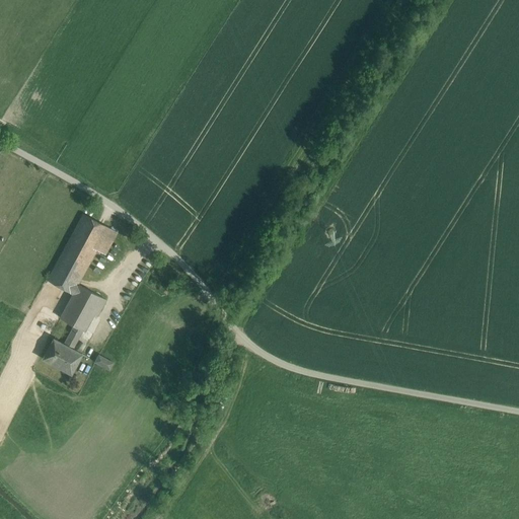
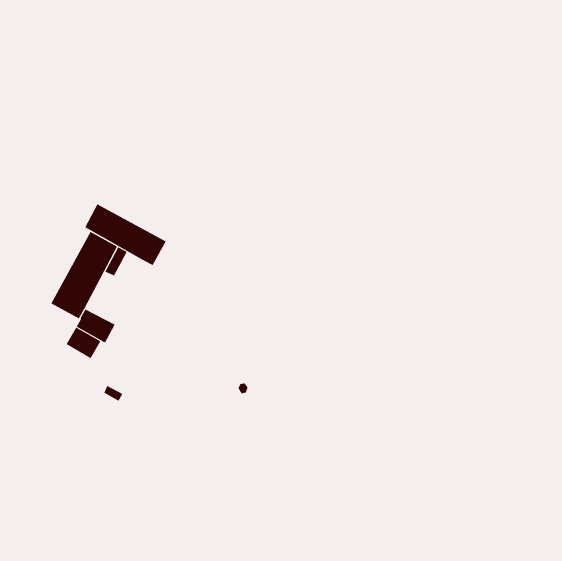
building: none -> [84,203,166,266]
building: [43,326,83,374] -> none

